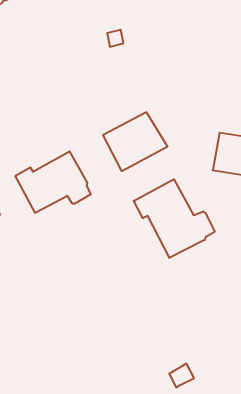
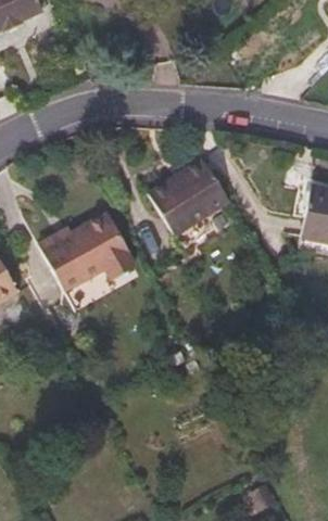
building: [134,179,215,258] -> none

